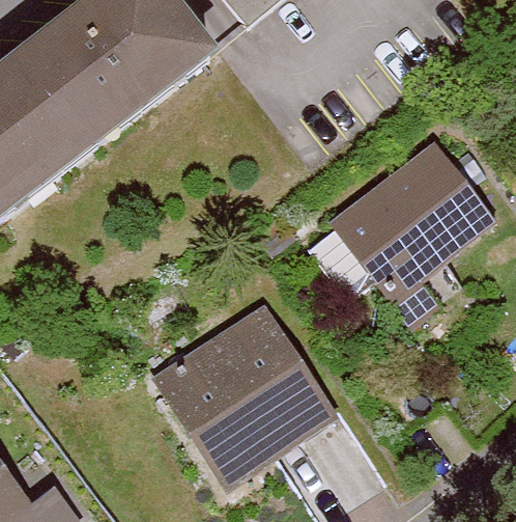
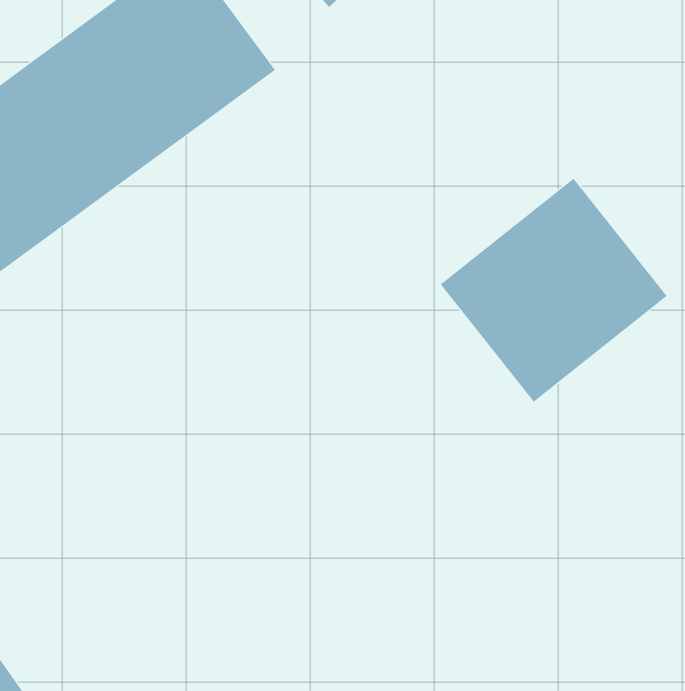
building: [150,302,336,491] -> none

